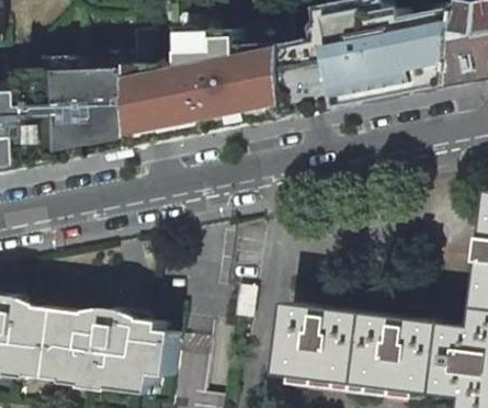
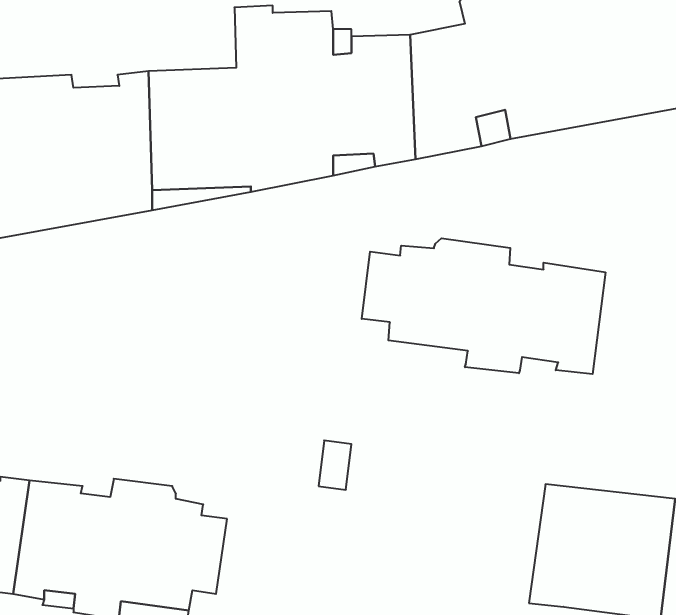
building: none -> [362,238,605,374]
building: [273,301,361,382] -> none

